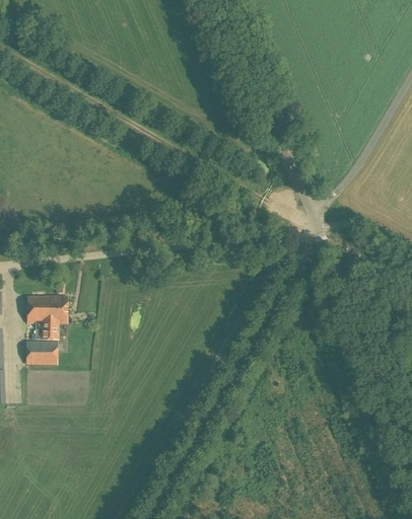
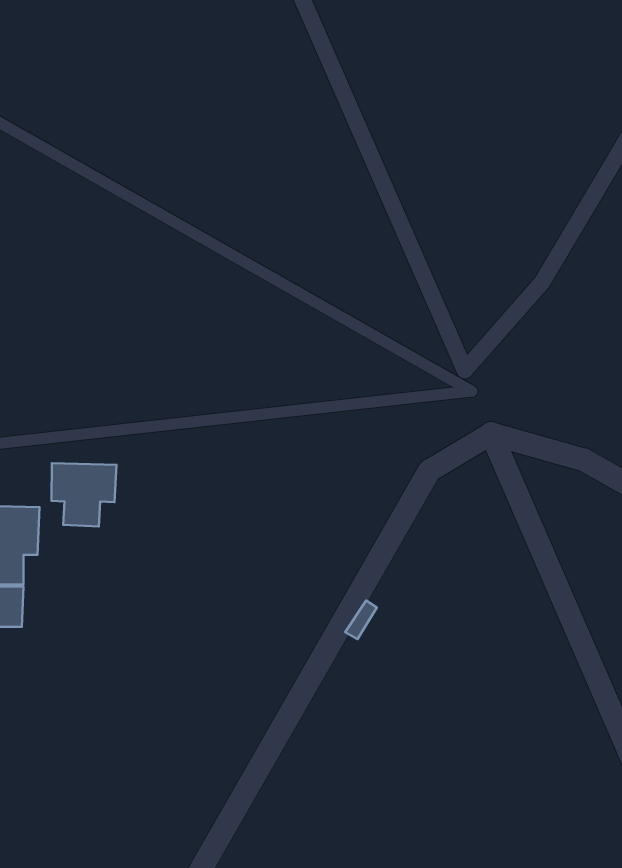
building: none -> [52,463,117,527]

